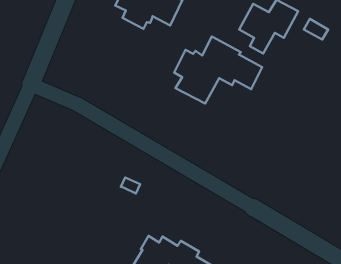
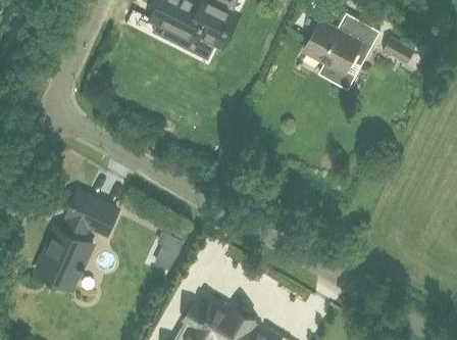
building: [174,36,262,103] -> none
building: none -> [36,193,115,287]

